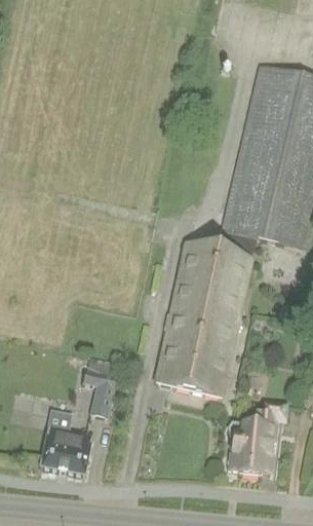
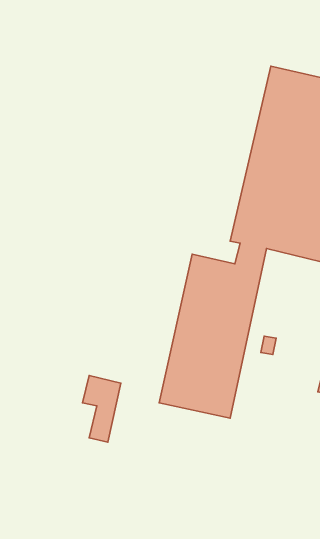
building: [229,400,286,473] -> none
building: [40,409,92,474] -> none

